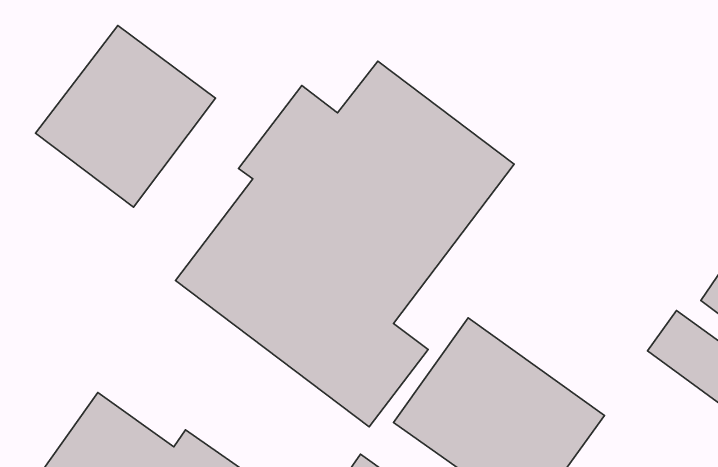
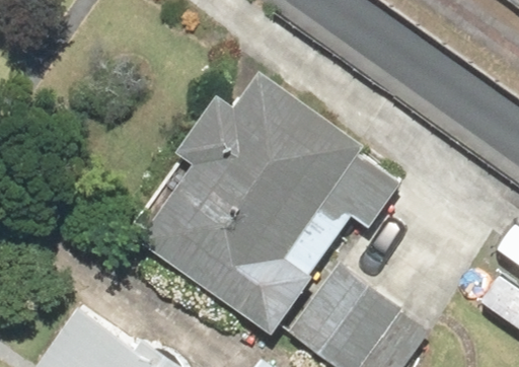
building: [36,25,215,207] -> none

